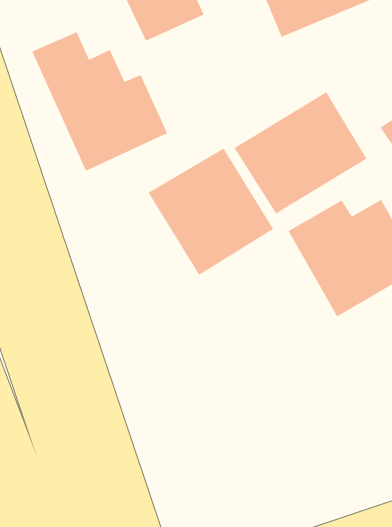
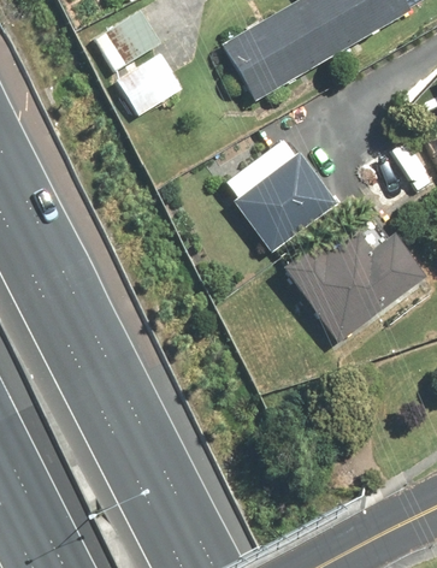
building: [31,31,168,172] -> none
building: [148,148,274,276] -> none

